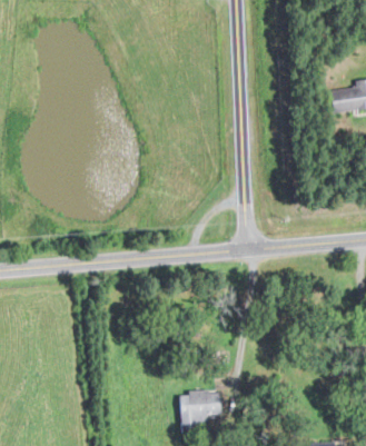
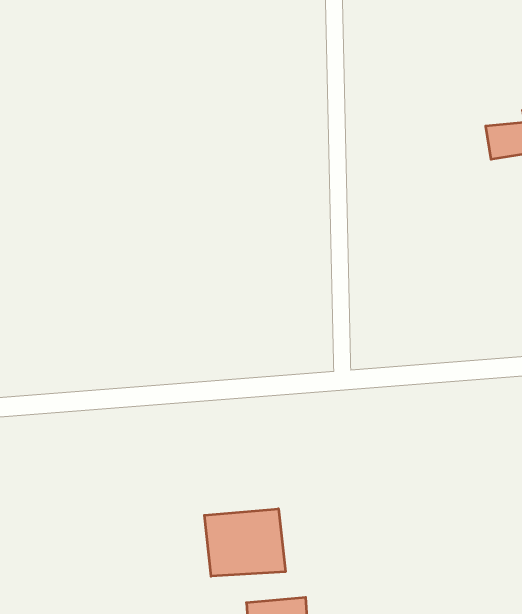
building: none -> [204,509,285,576]

